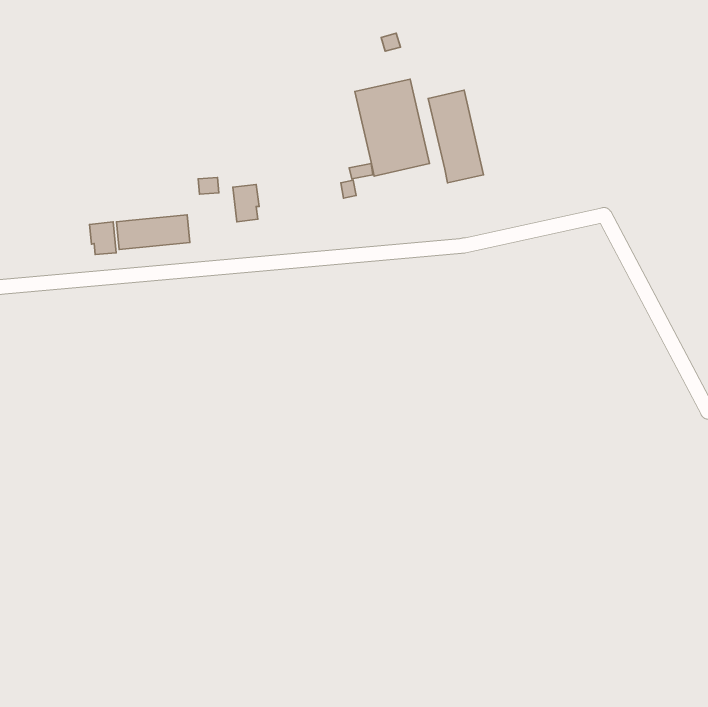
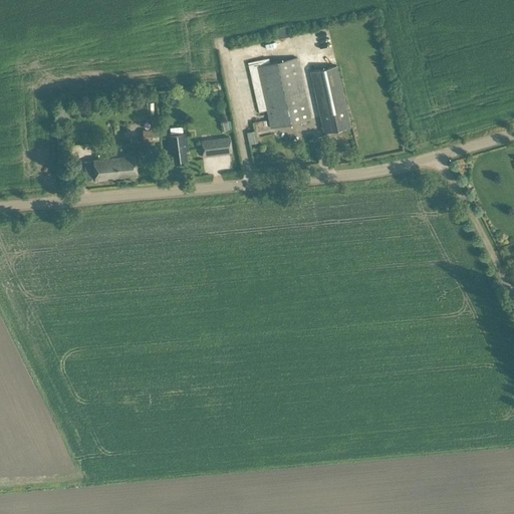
building: none -> [202,139,232,156]
building: [90,222,116,255] -> none

